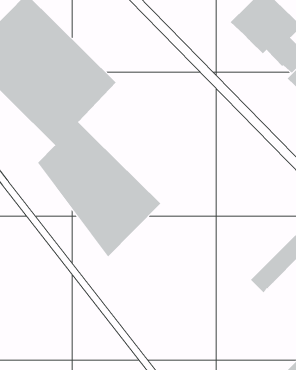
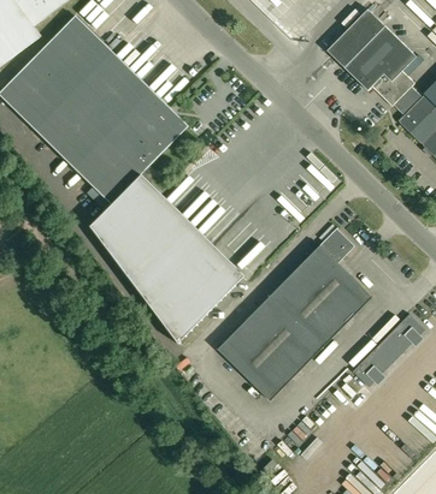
building: none -> [218,227,373,400]

